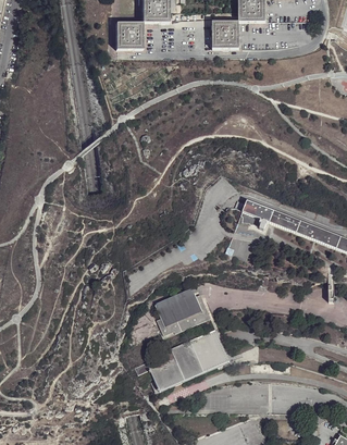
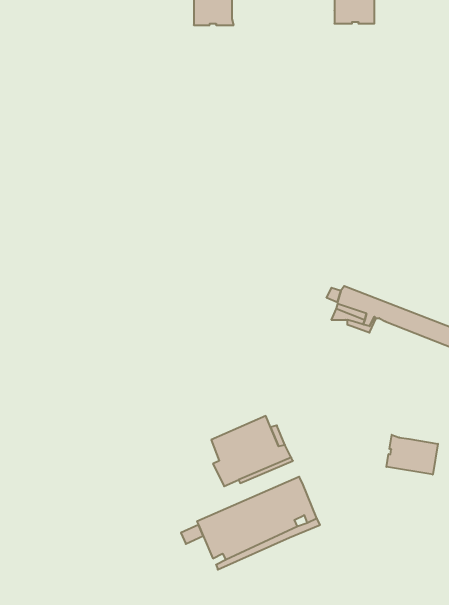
building: [212,21,239,48] -> none
building: [116,22,142,49] -> none
building: none -> [386,435,438,475]

